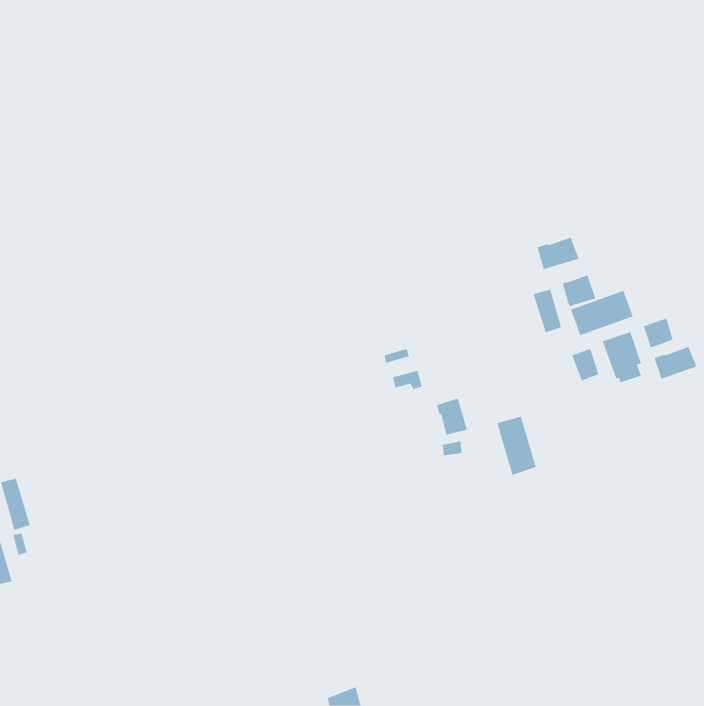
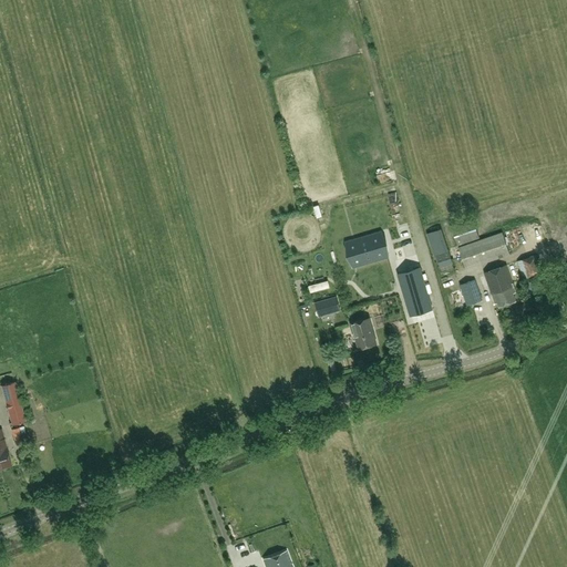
building: [537,237,579,270] -> none
building: none -> [346,233,388,267]
building: [654,346,697,379] -> none
building: [496,416,537,475] -> [398,268,430,316]

